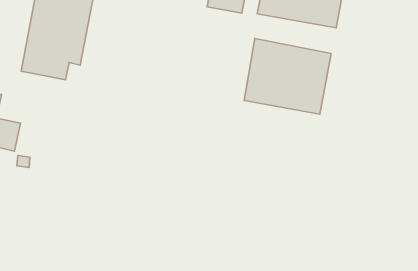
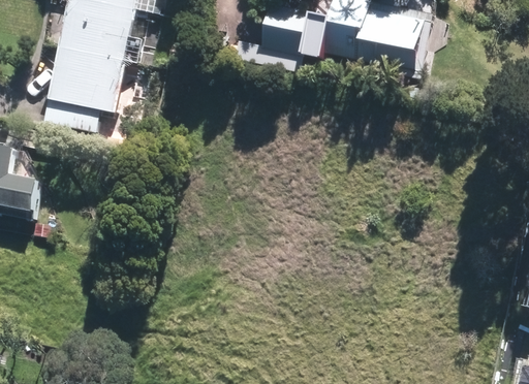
building: [244,39,331,114] -> none

